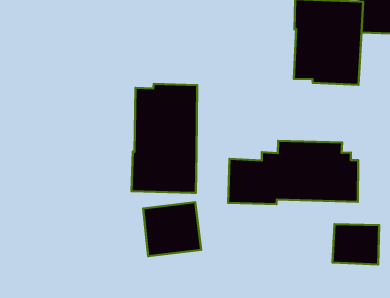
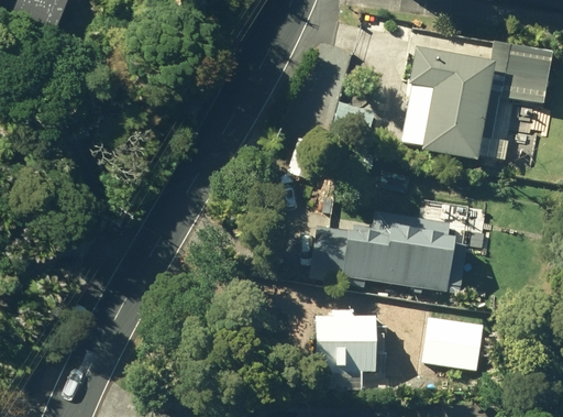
building: [131,84,197,193] -> none
building: [143,202,201,256] -> [312,314,376,371]

